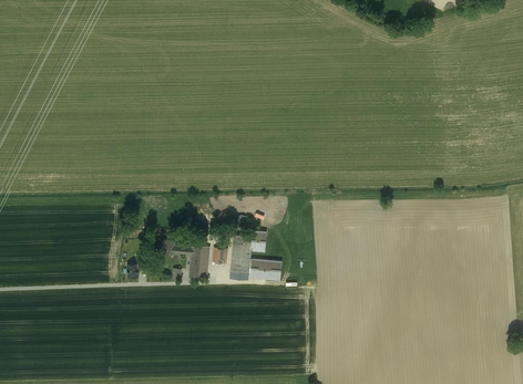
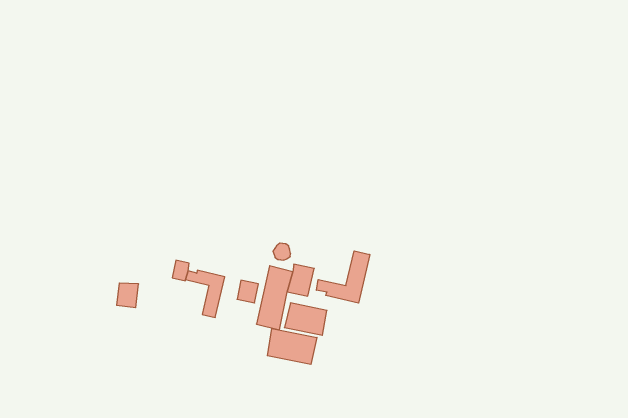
building: none -> [316,251,370,303]
building: none -> [267,328,317,364]

